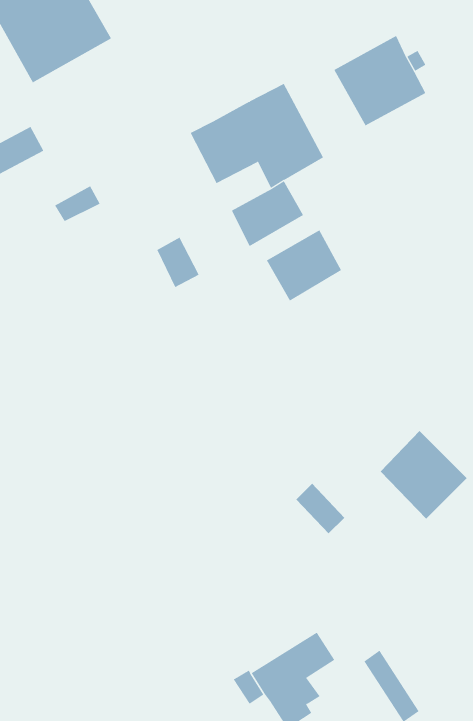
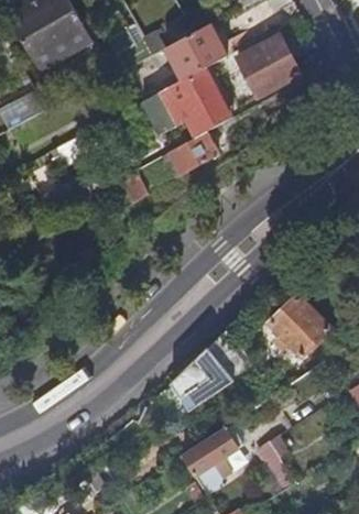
building: none -> [166,23,227,78]
building: [266,230,342,301] -> none
building: none -> [165,347,235,412]

